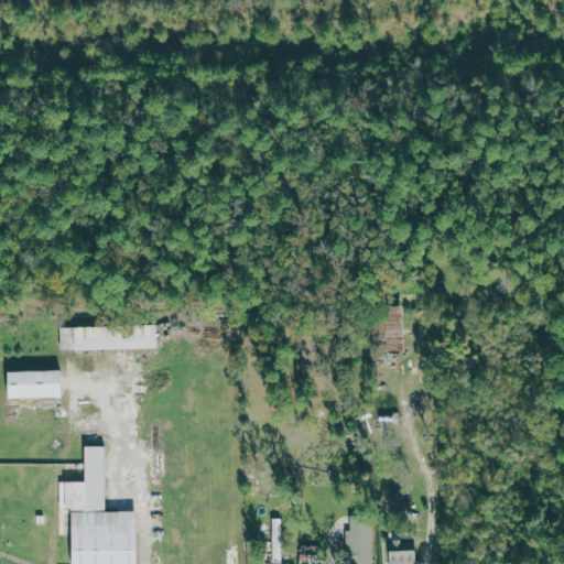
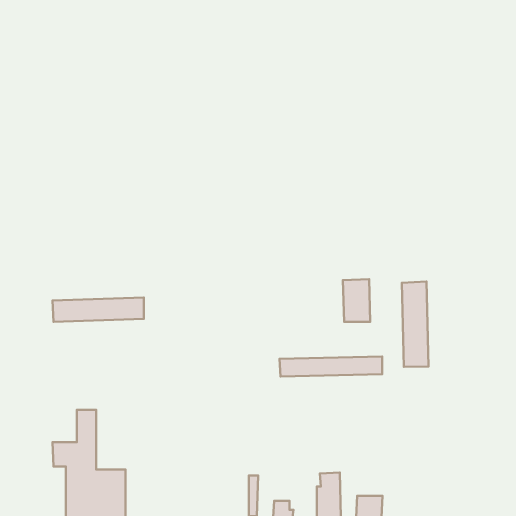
building: none -> [402,281,429,367]
building: [8,371,62,399] -> none
building: none -> [279,356,382,377]

